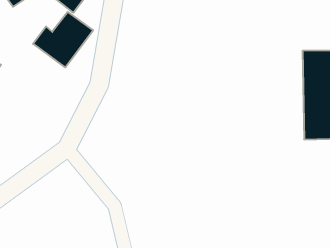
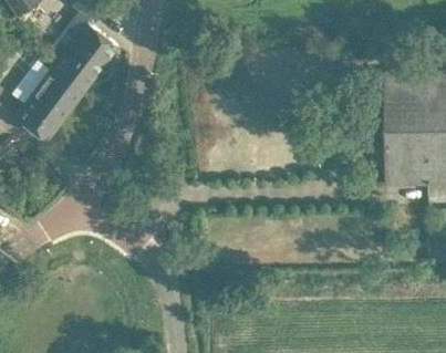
building: none -> [13,62,84,143]

